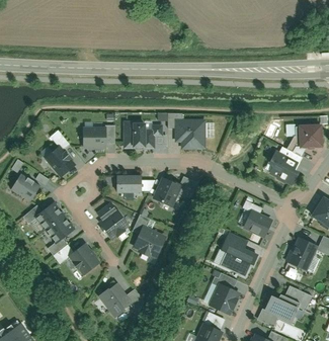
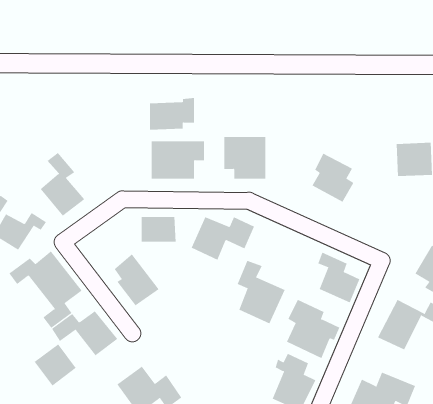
building: [82,123,114,147] -> [149,98,195,130]
building: [268,149,299,184] -> [312,153,354,203]
building: [132,212,166,258] -> [237,260,285,324]
building: none -> [34,343,77,386]

